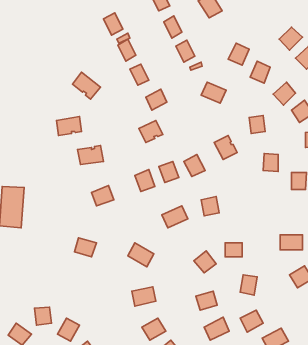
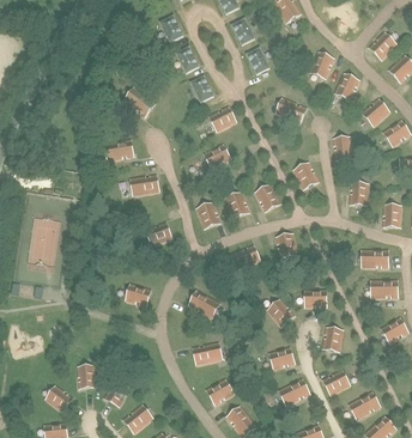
building: none -> [359,250,388,269]

